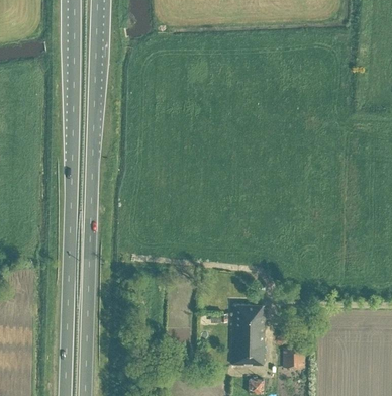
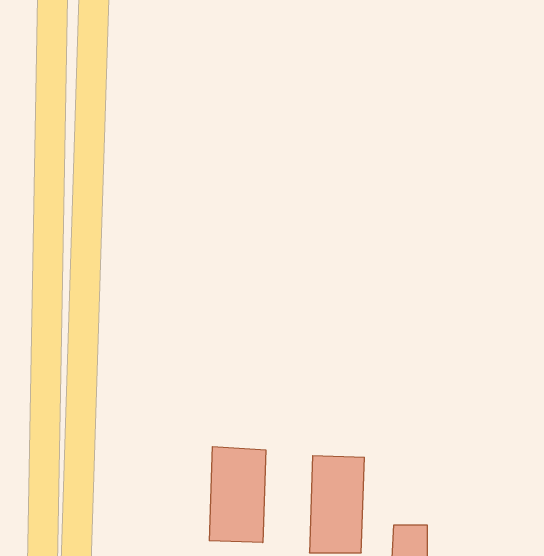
building: none -> [209,447,266,543]

